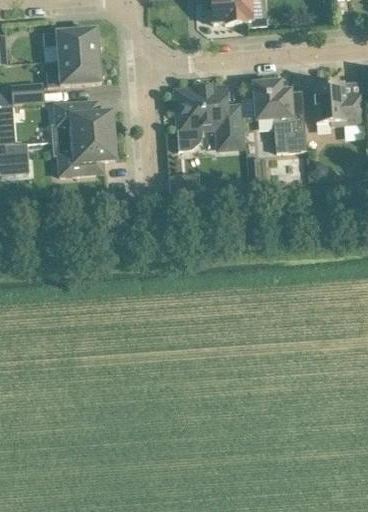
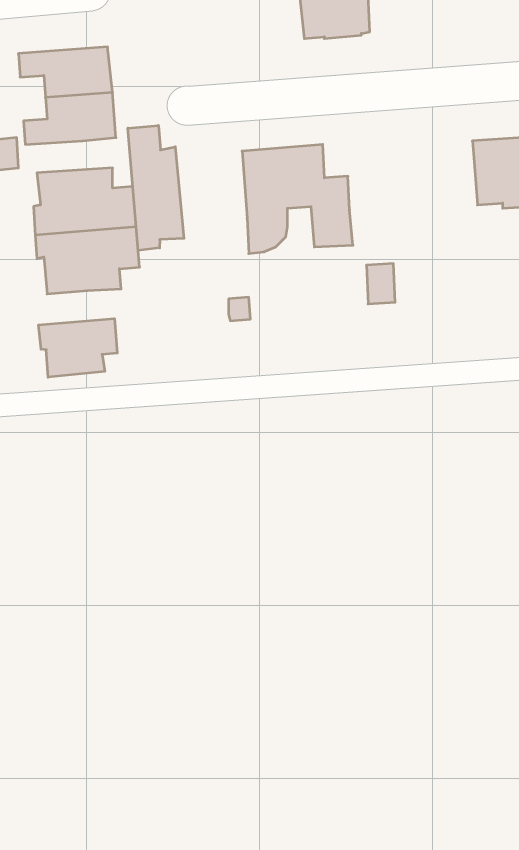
building: none -> [128,125,184,250]
building: [255,82,308,151] -> none
building: none -> [39,319,117,377]

